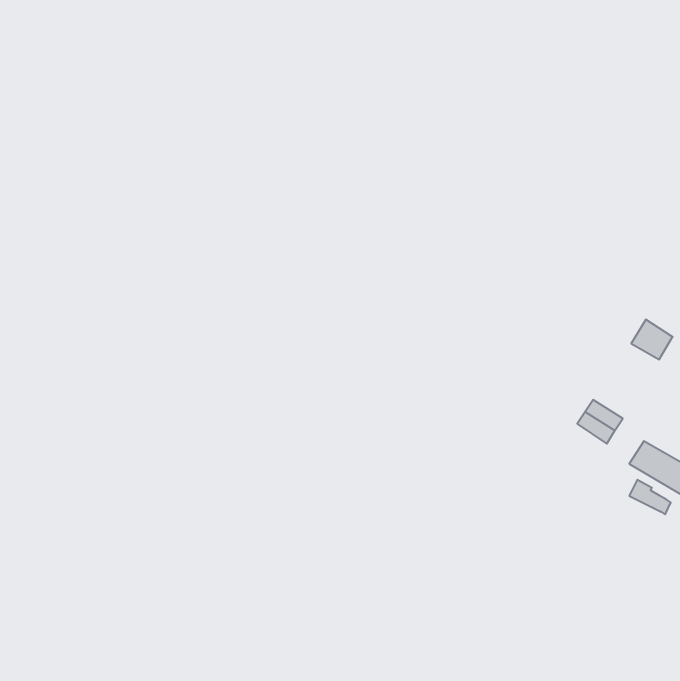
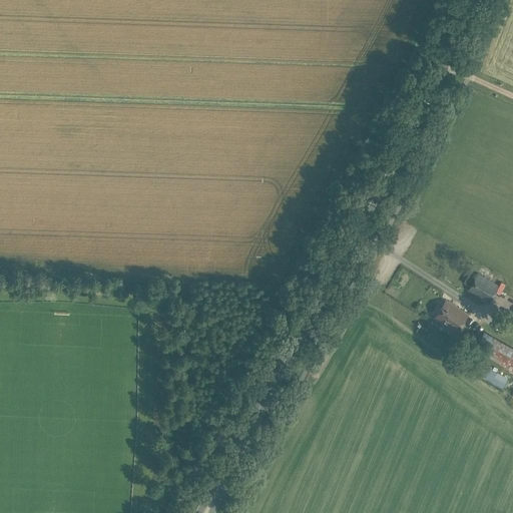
building: [631,319,673,359] -> [468,274,499,304]

